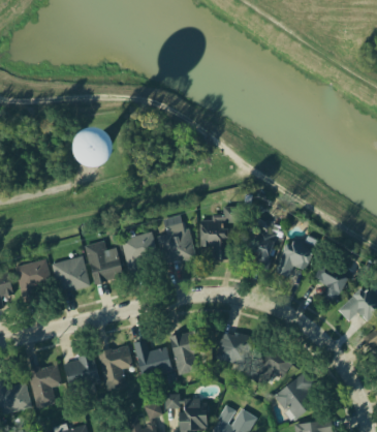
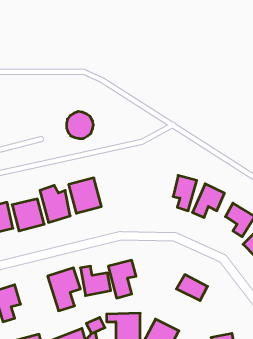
building: [76,132,109,165] -> [67,111,93,138]
building: [154,216,194,265] -> none
building: [201,221,231,266] -> none
building: [214,329,252,367] -> none
building: [62,353,99,391] -> none
building: [274,370,315,422] -> none

